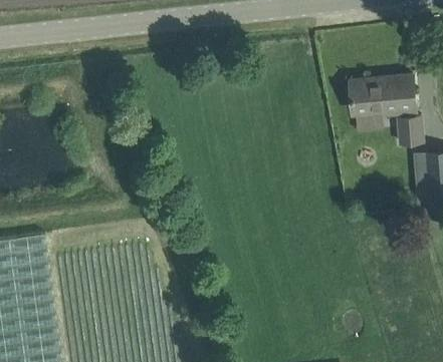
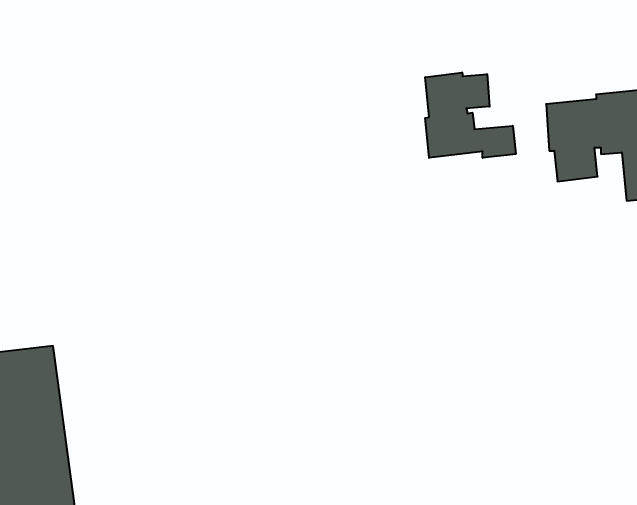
building: none -> [425,72,516,158]

